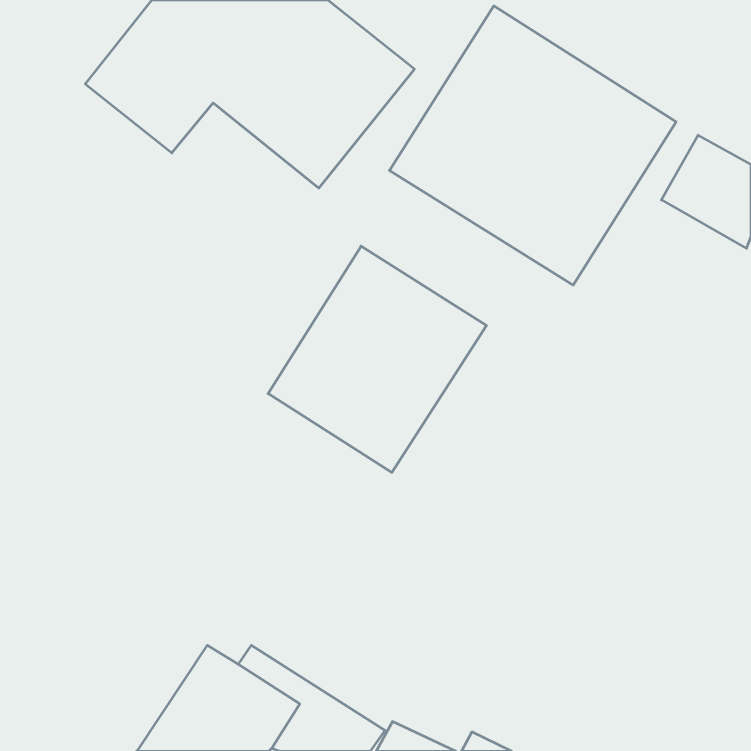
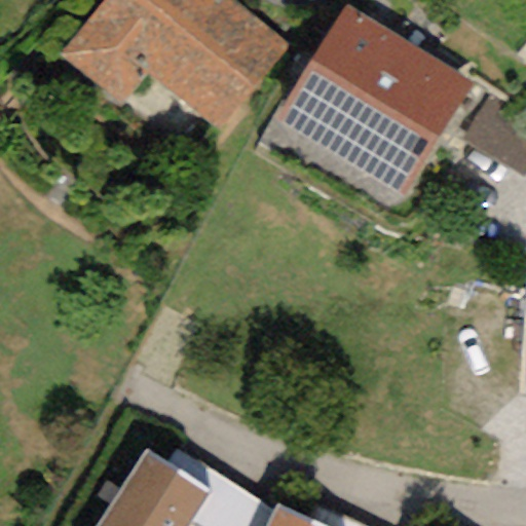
building: [268,246,486,472] -> none

